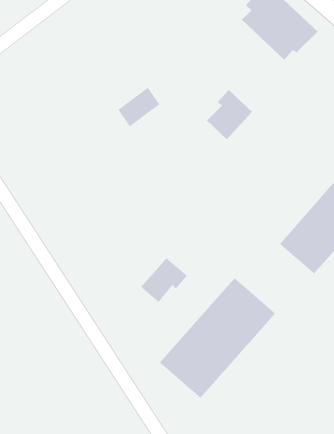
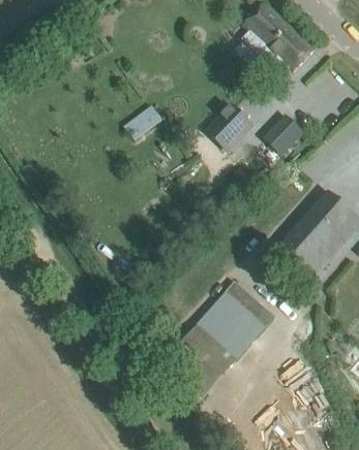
building: none -> [263,116,302,154]
building: [140,258,188,303] -> none

